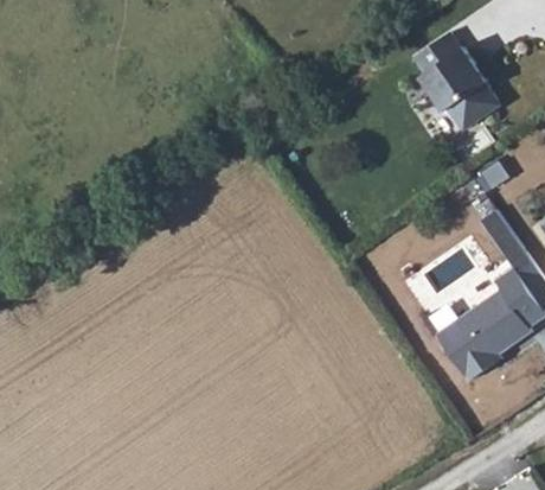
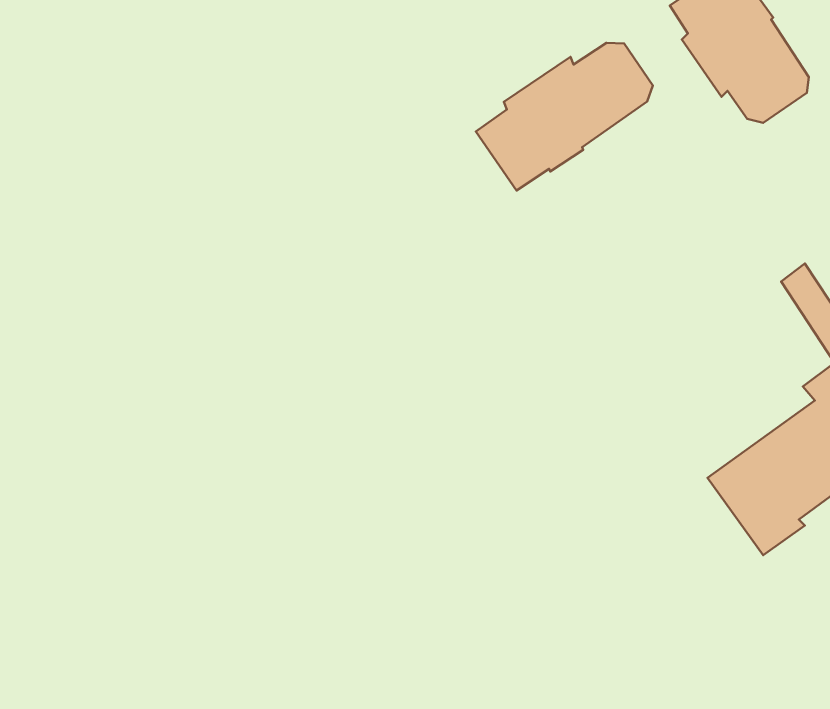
building: none -> [476,43,653,190]

